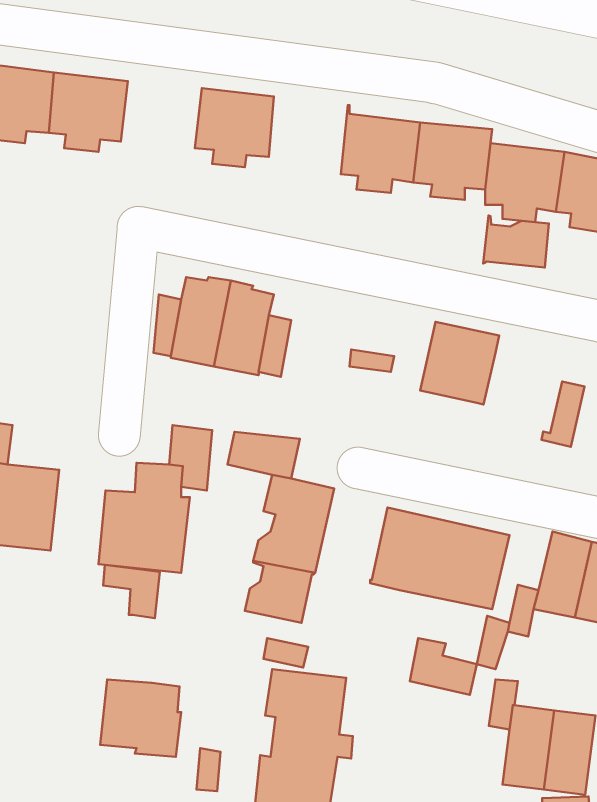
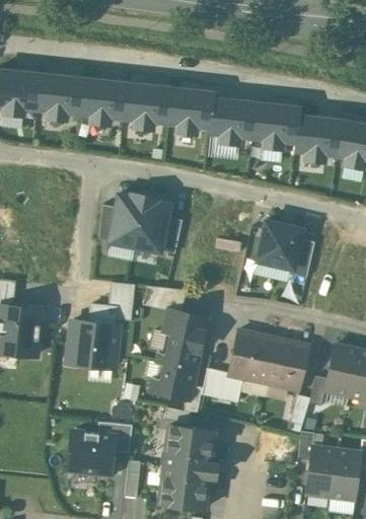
building: none -> [80,79,128,125]
building: none -> [167,88,214,135]
building: [483,216,549,267] -> none
building: [542,382,584,447] -> [289,239,314,278]
building: [103,565,160,618] -> [98,422,132,453]
building: [410,638,477,695] -> [202,369,241,402]

